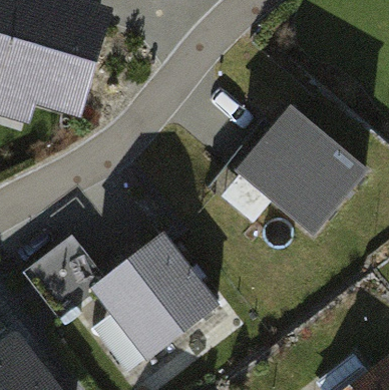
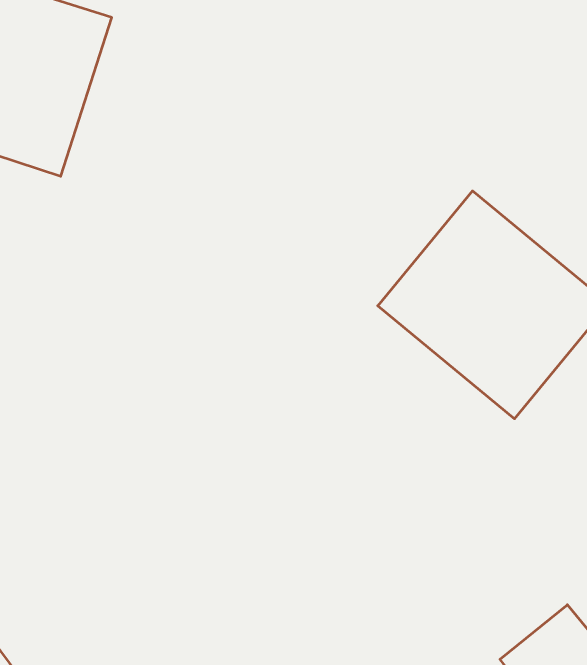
building: [90,236,210,355] -> none

